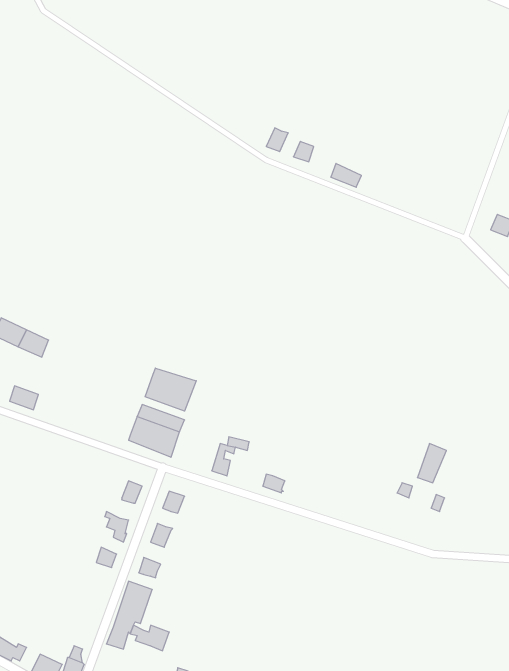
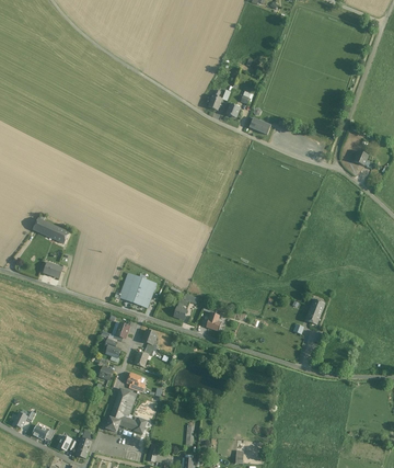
building: [145,368,196,411] -> none

